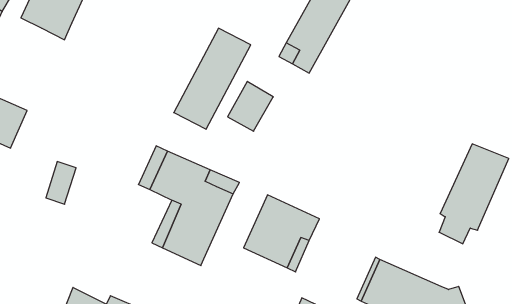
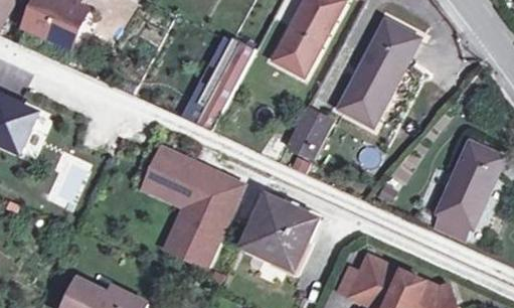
building: none -> [343,19,421,123]
building: [228,81,273,131] -> [289,108,333,156]

